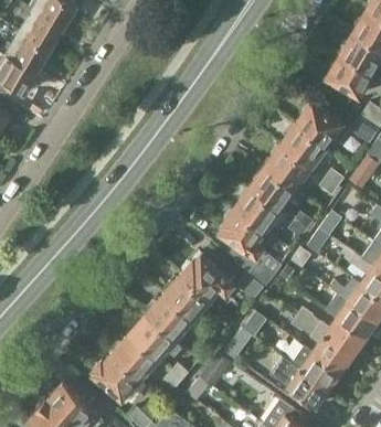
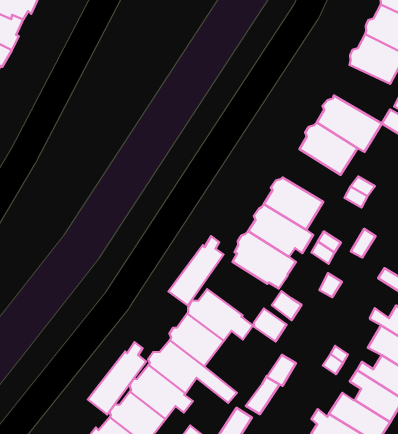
building: [266,146,314,190] -> none
building: none -> [169,236,223,306]
building: none -> [88,342,146,414]

